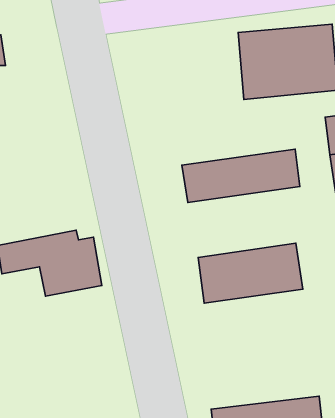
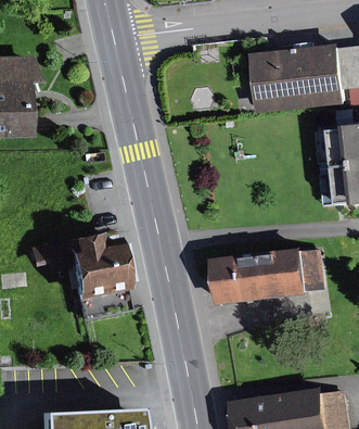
building: [182,149,300,202] -> none

